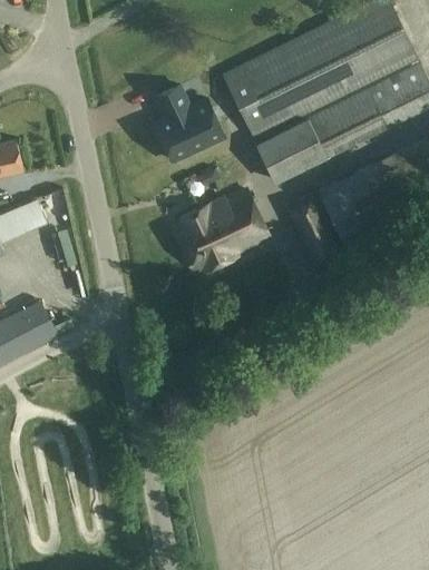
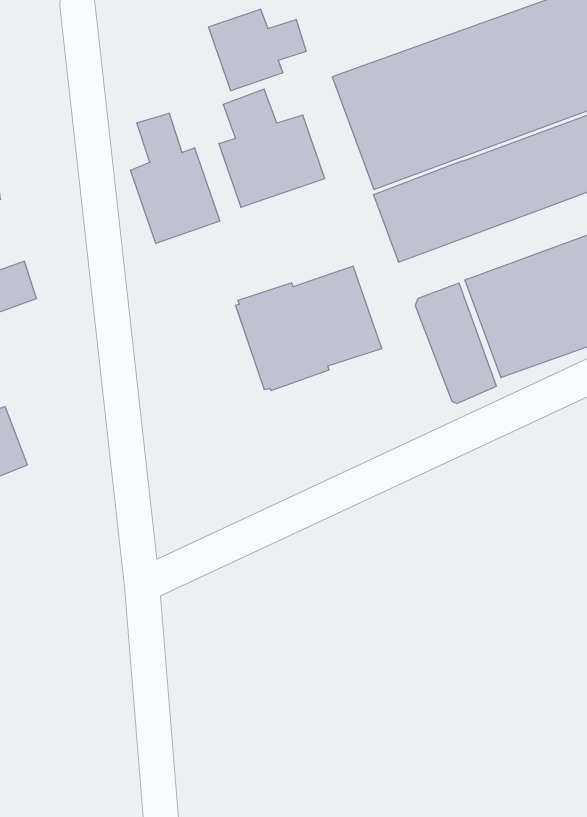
building: none -> [208,9,306,91]
building: none -> [131,113,220,244]

